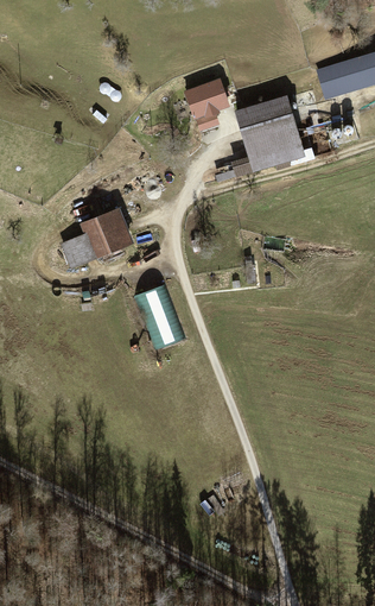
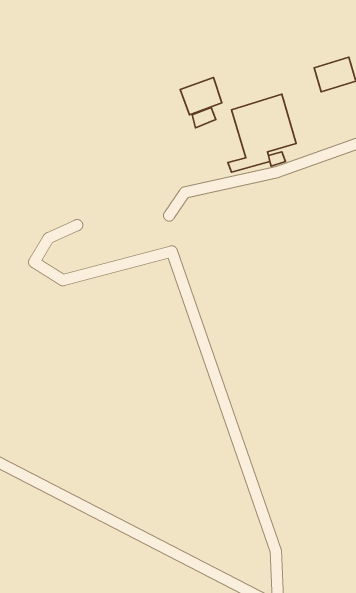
building: [63,210,126,266] -> none
building: [136,284,177,345] -> none

